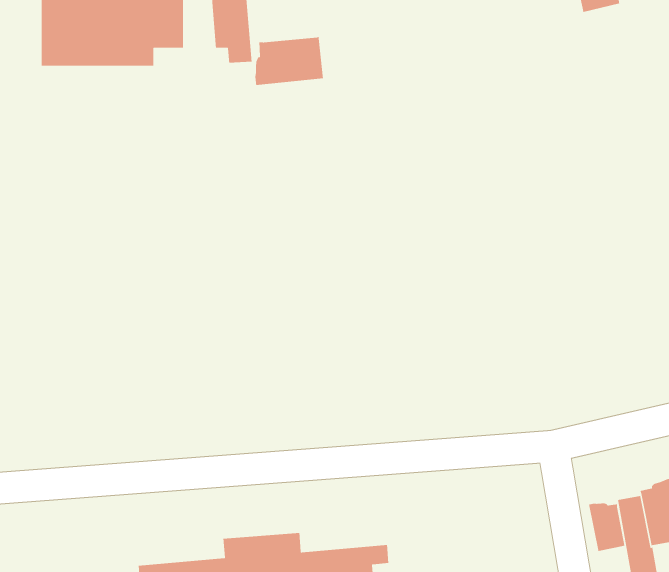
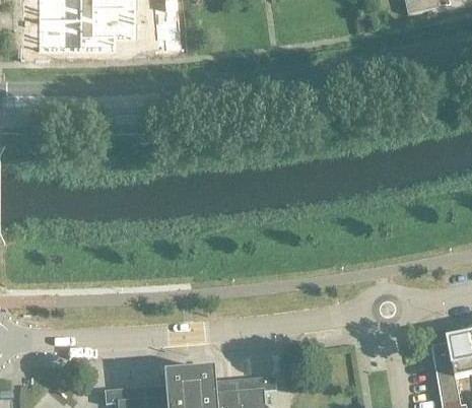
building: [255,36,324,86] -> none
building: [588,503,626,552] -> none

